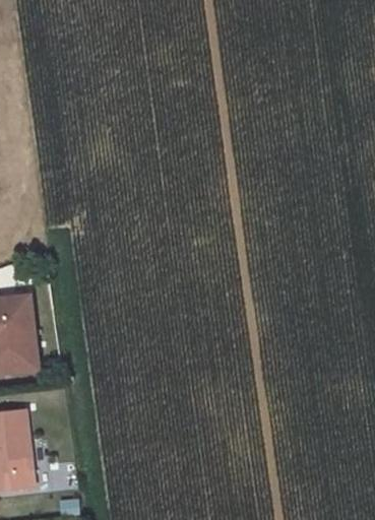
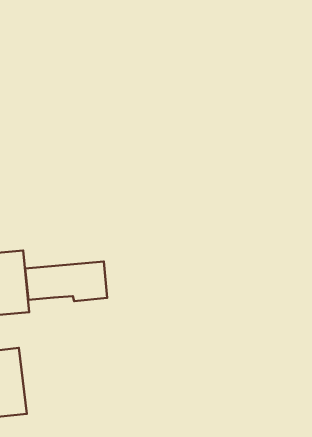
building: none -> [25,262,107,301]

